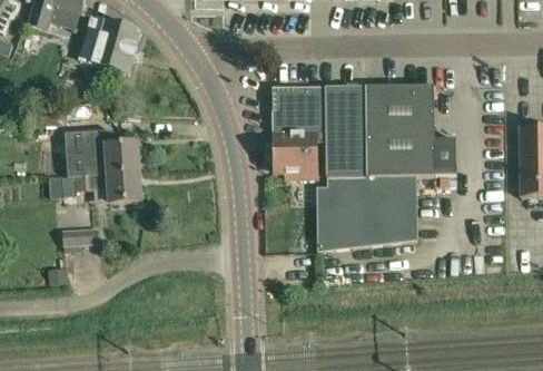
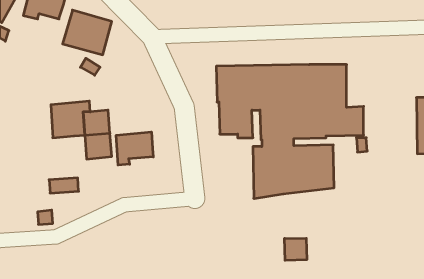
building: none -> [116,132,153,165]
building: [50,173,95,197] -> none
building: none -> [285,238,307,260]

